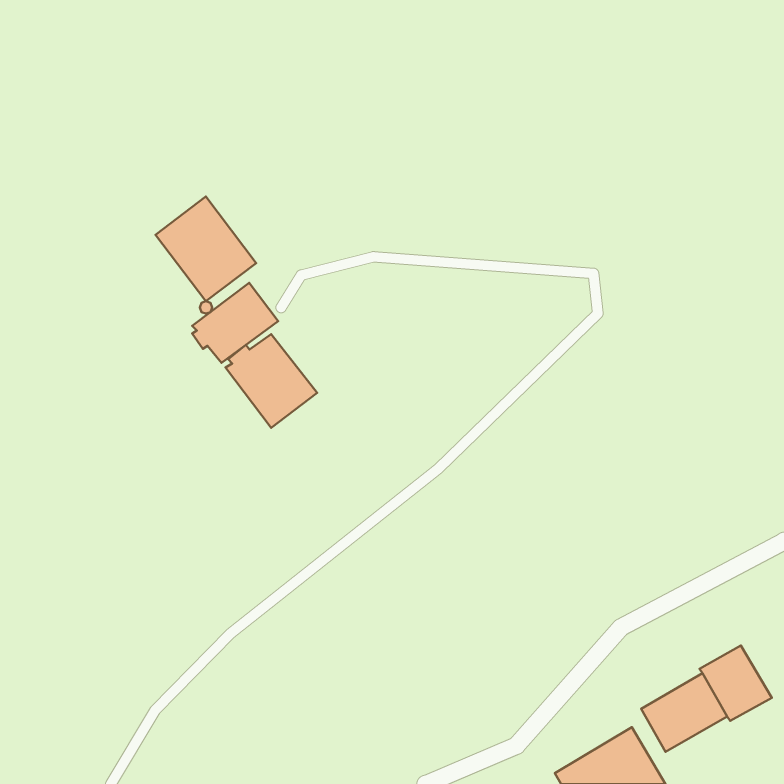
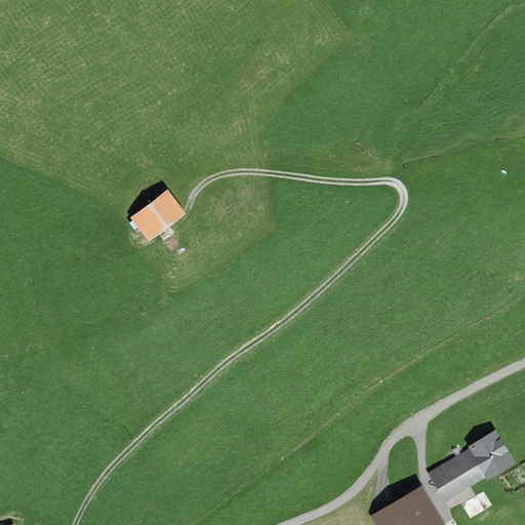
building: [156,196,256,301] -> none
building: [225,334,317,428] -> none

